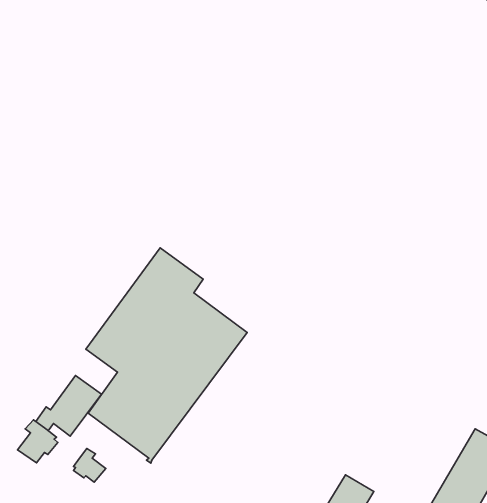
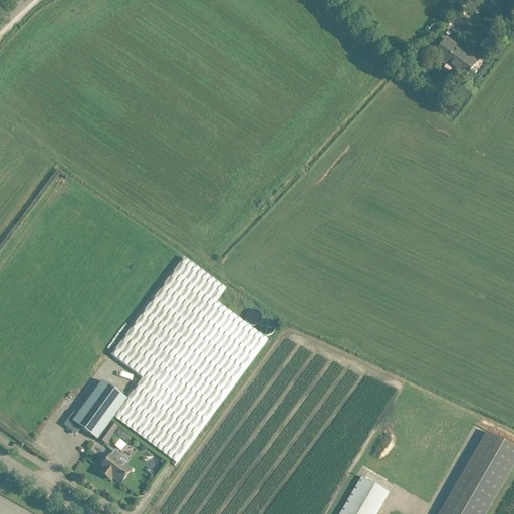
building: none -> [435,40,480,75]
building: [18,420,58,463] -> none

